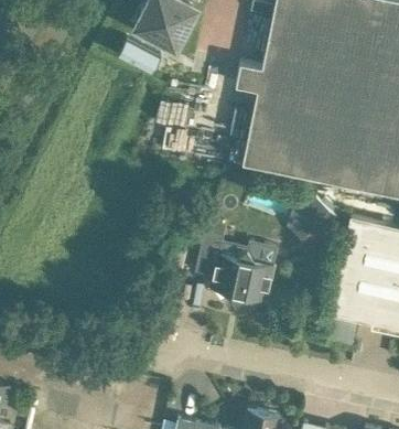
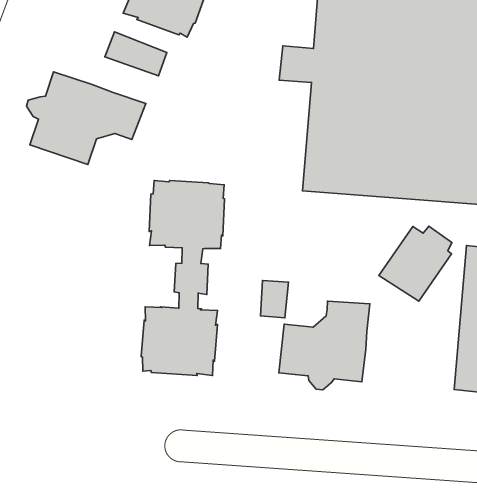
building: none -> [26,72,146,164]
building: none -> [141,180,225,376]

